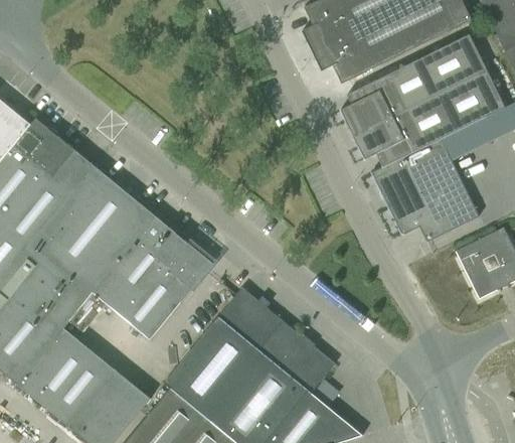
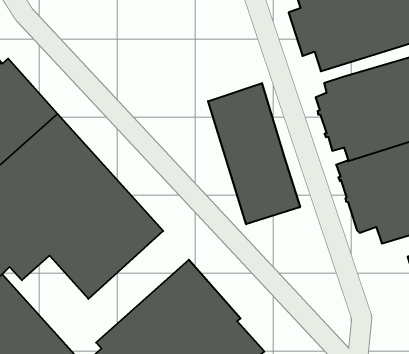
building: none -> [208,83,300,224]

